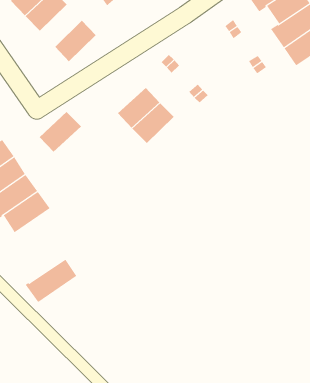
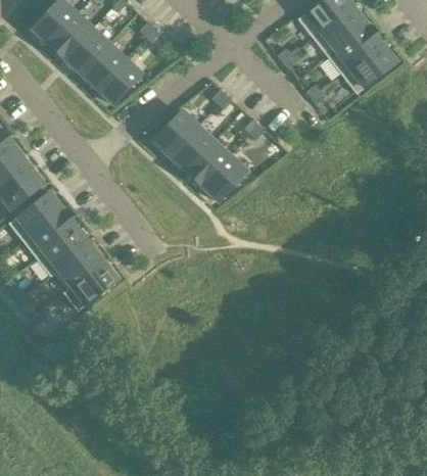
building: none -> [82,42,126,88]
building: [39,111,82,152] -> [153,109,198,154]
building: none -> [203,154,247,200]
building: [25,259,77,303] -> [63,260,118,310]

